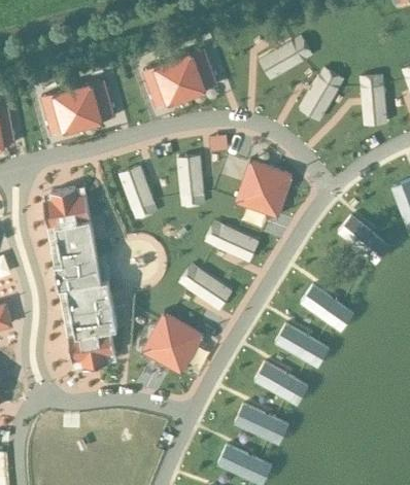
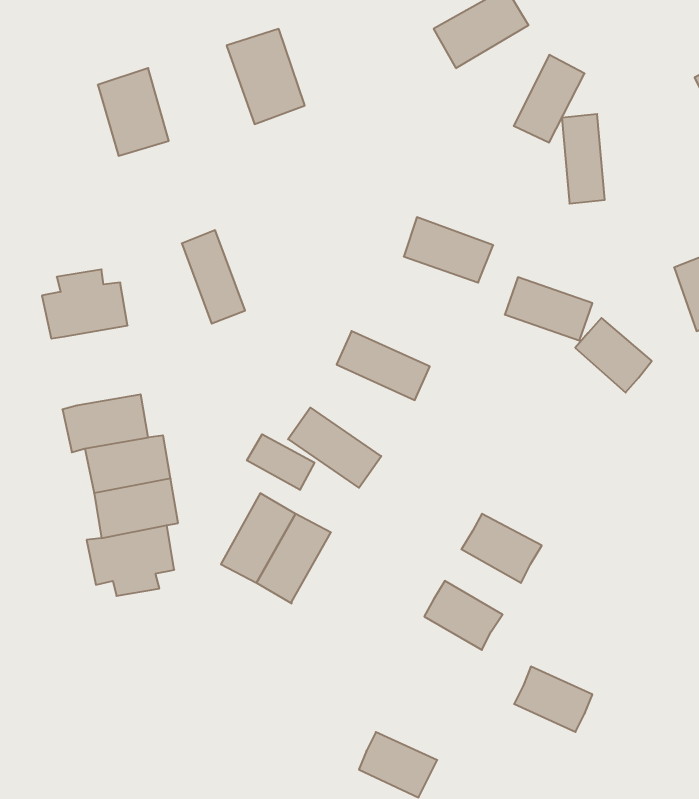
building: [174,46,215,99] -> none
building: [363,76,386,126] -> [562,114,605,204]
building: [42,88,86,136] -> none
building: [178,158,203,207] -> none
building: [236,182,284,217] -> [505,277,592,341]
building: [56,220,98,265] -> none
building: none -> [247,434,314,490]
building: [301,285,344,324] -> none
building: [234,404,277,440] -> [514,667,592,732]

